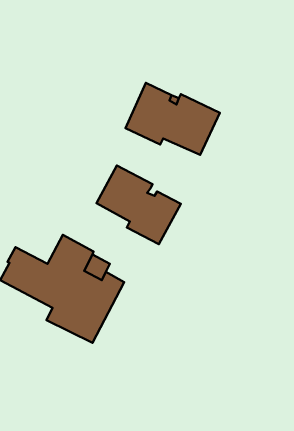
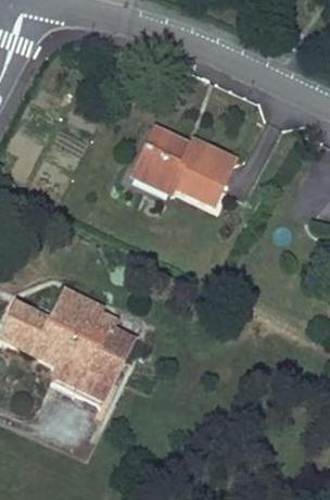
building: [97,165,181,244] -> none

